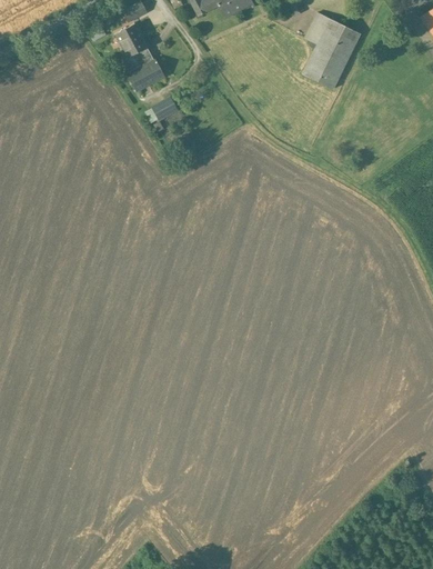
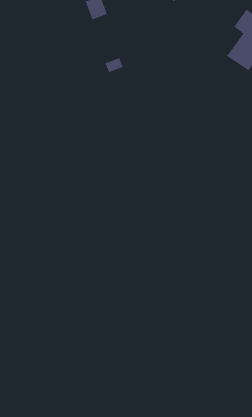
building: [124,47,163,90] -> none

